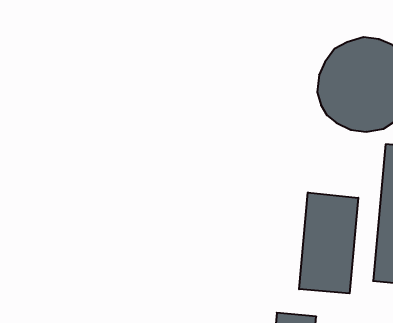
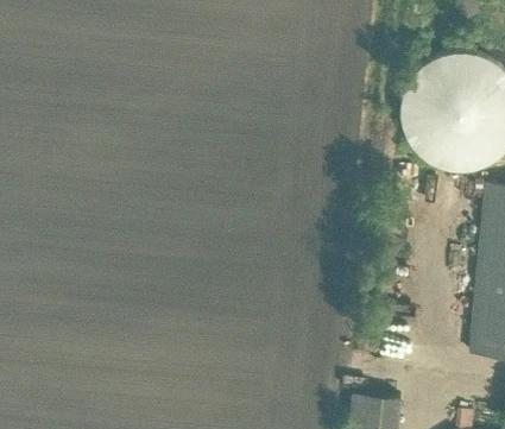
building: [299,192,358,293] -> none

